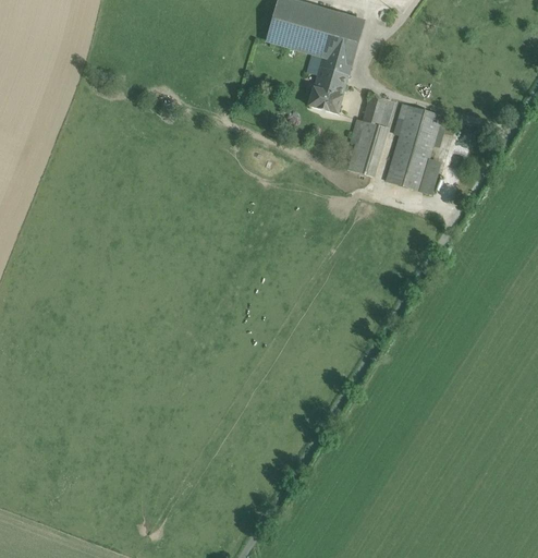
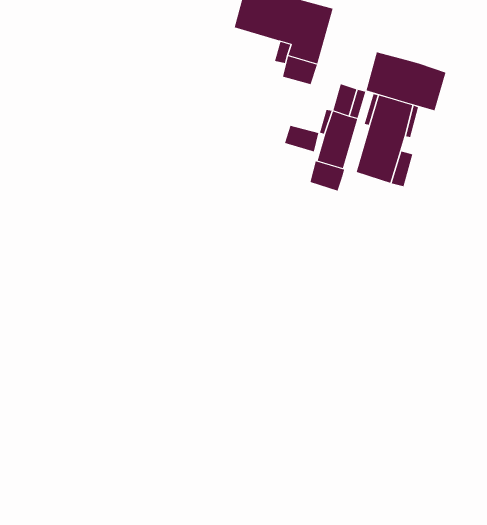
building: none -> [366,51,446,111]
building: [308,87,342,113] -> [284,125,319,152]
building: none -> [310,161,345,191]

